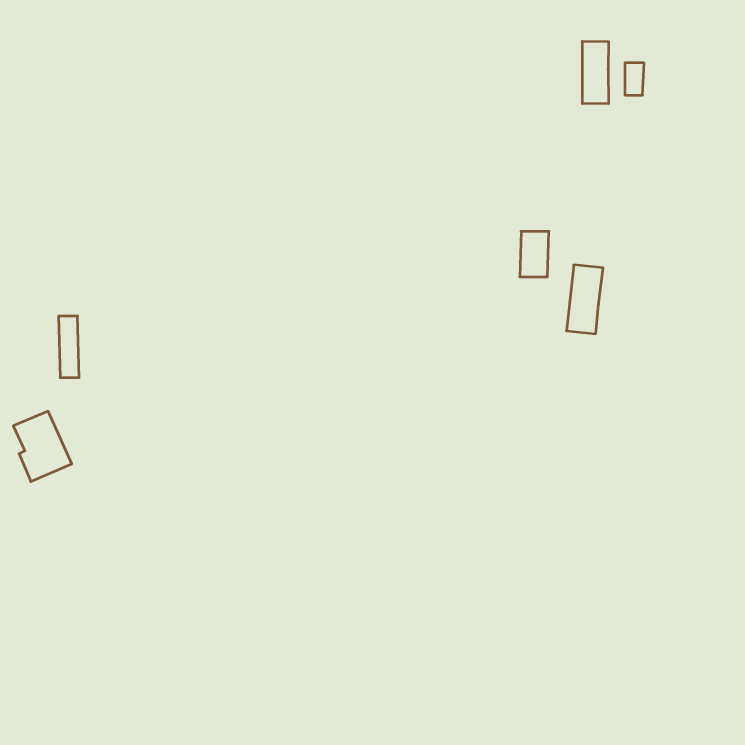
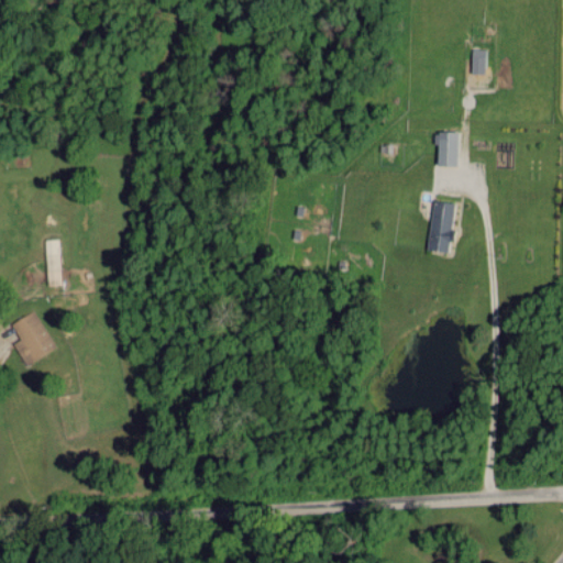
building: [582,41,608,104] -> none
building: [520,231,549,277] -> [435,132,457,166]

